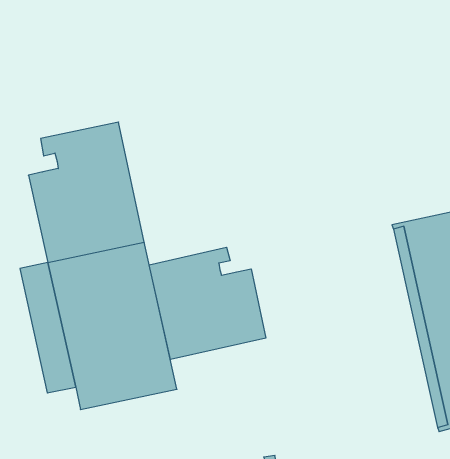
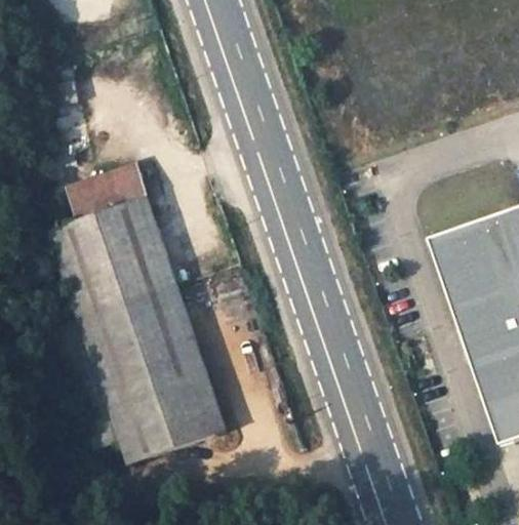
building: [149,247,266,360] -> none

